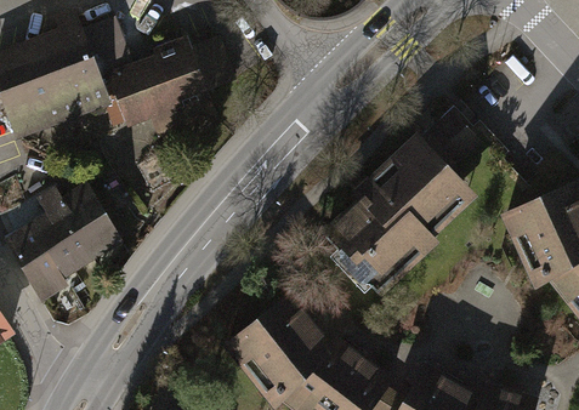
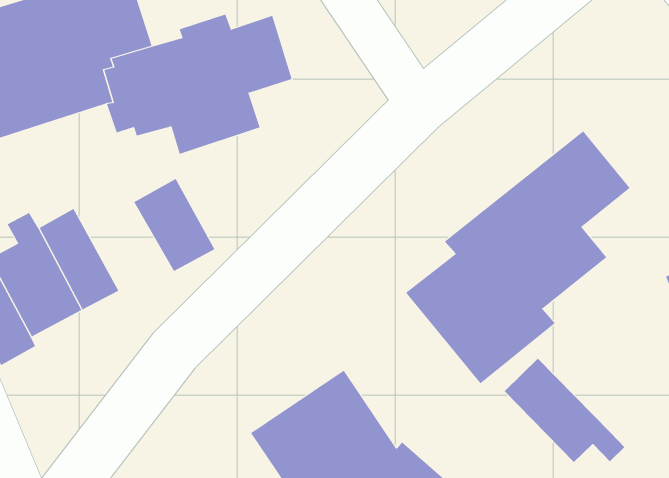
building: none -> [134,178,215,272]
building: none -> [504,358,625,463]

